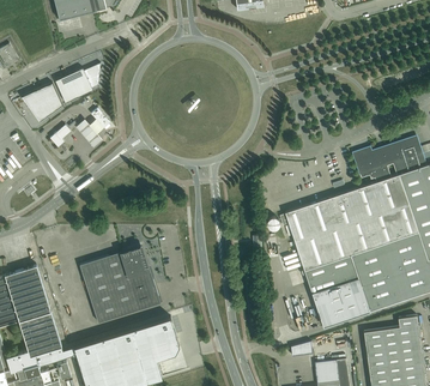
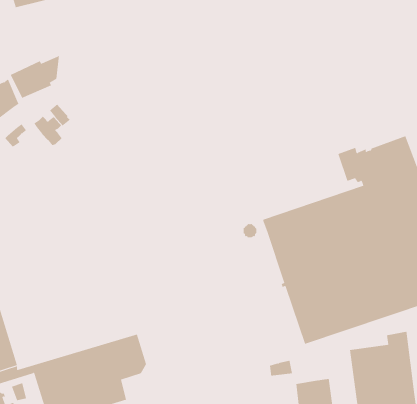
building: [80,247,161,324] -> none

